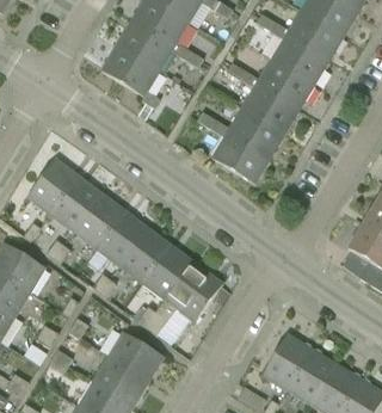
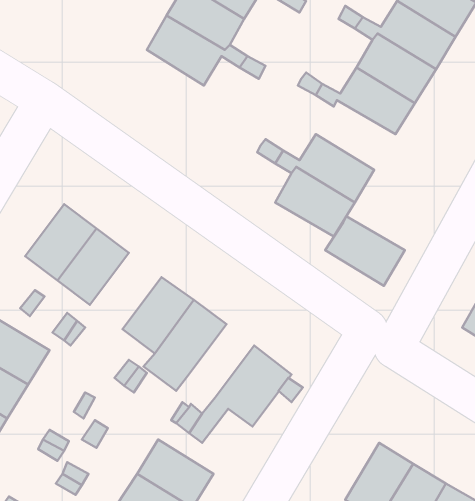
building: [100,45,159,109] -> none
building: [240,82,298,134] -> [325,216,405,286]
building: [74,195,127,251] -> none
building: [146,247,195,301] -> none

